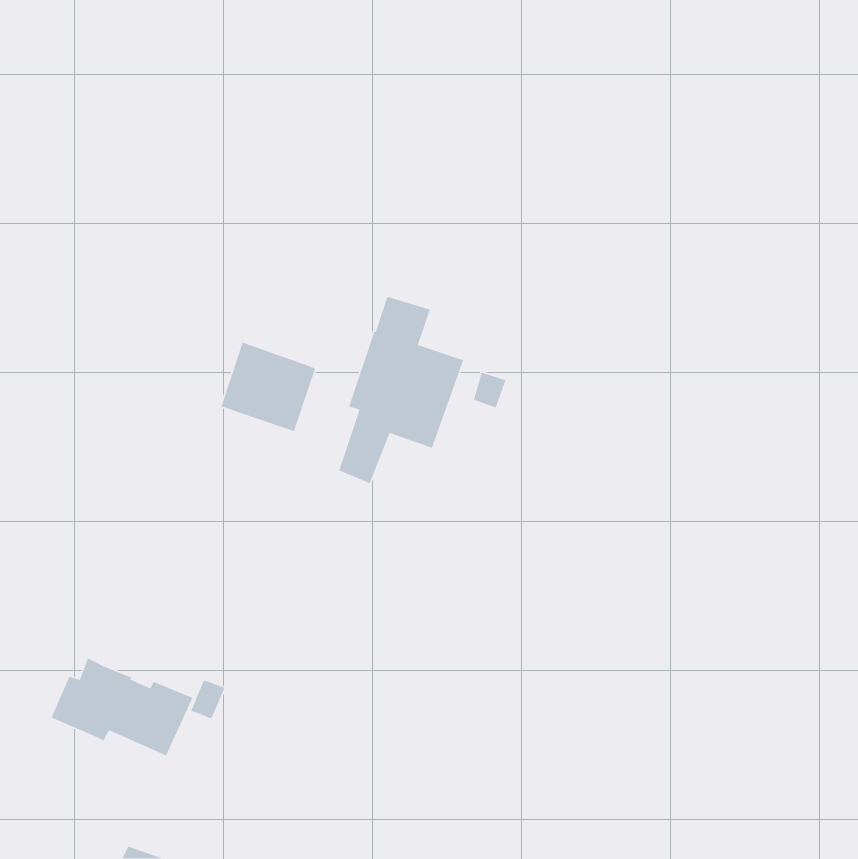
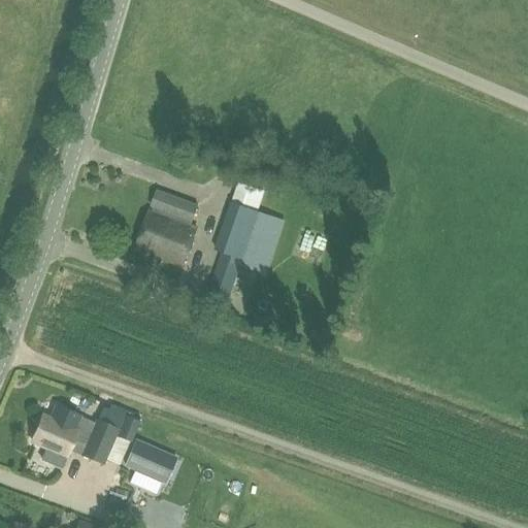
building: none -> [150,189,198,224]
building: none -> [125,438,176,495]

